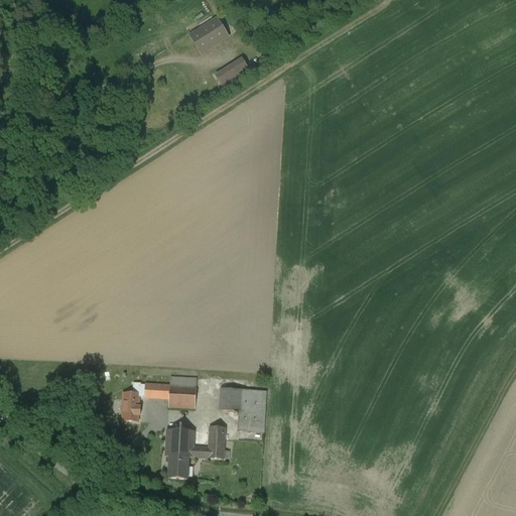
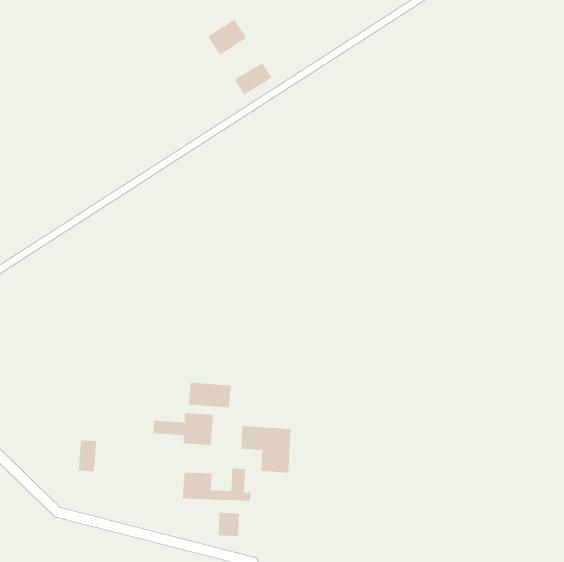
building: none -> [188,382,231,408]
building: [122,390,139,419] -> [78,440,97,472]
building: [168,454,188,476] -> [218,512,240,537]

